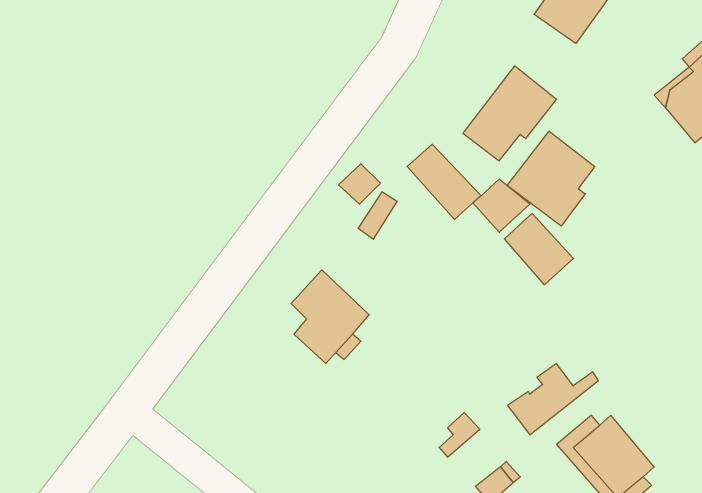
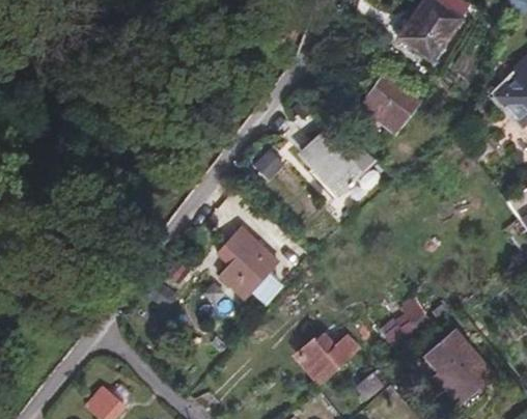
building: [507,131,595,226] -> none
building: [504,213,574,285] -> none
building: none -> [296,331,338,380]

